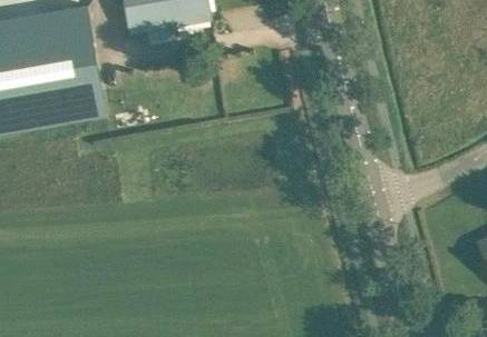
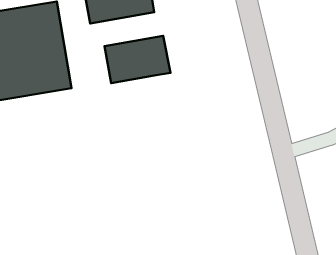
building: none -> [105,36,170,83]

